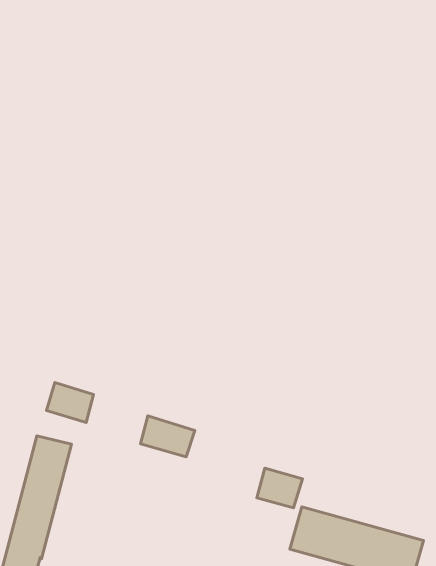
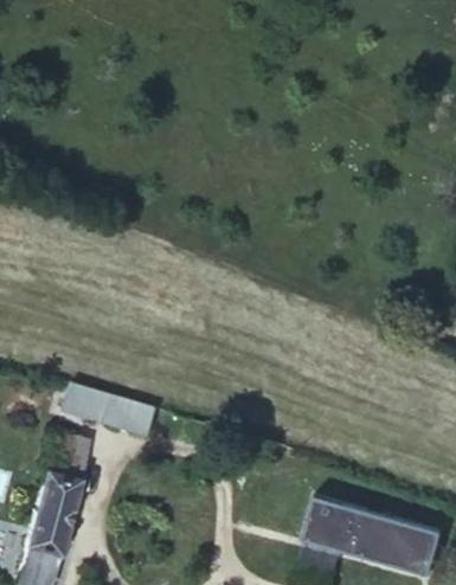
building: [140,416,195,457] -> [104,393,158,433]
building: [257,468,303,508] -> none

